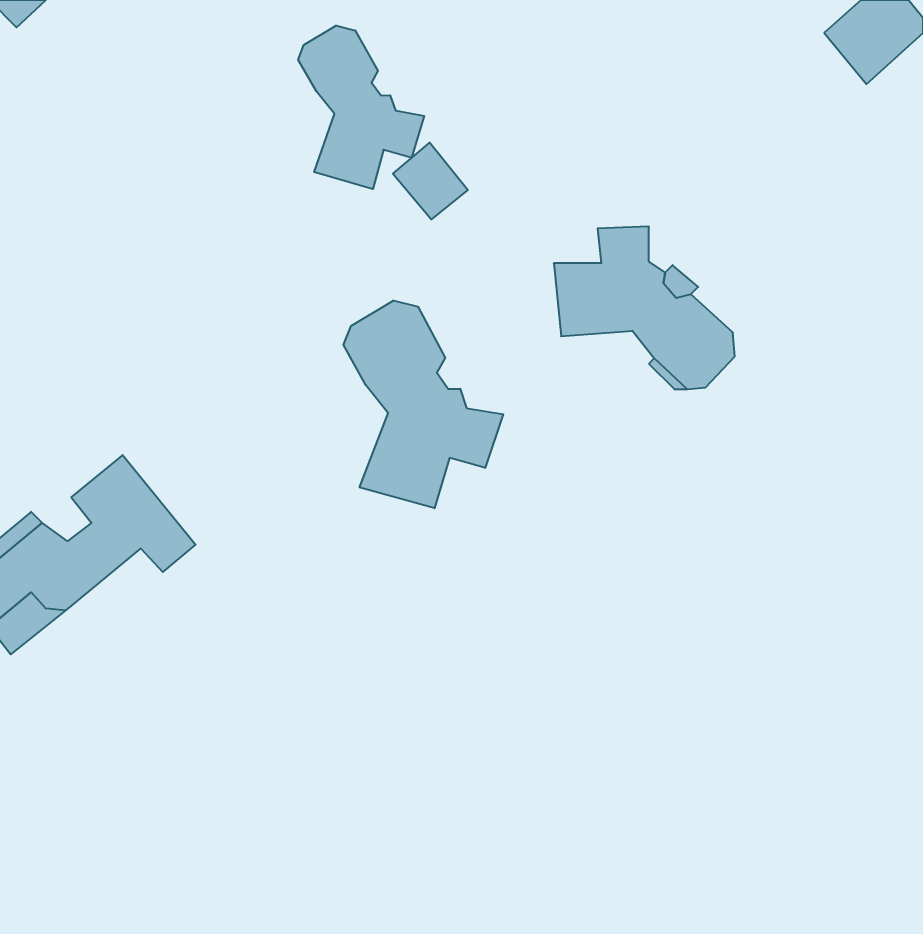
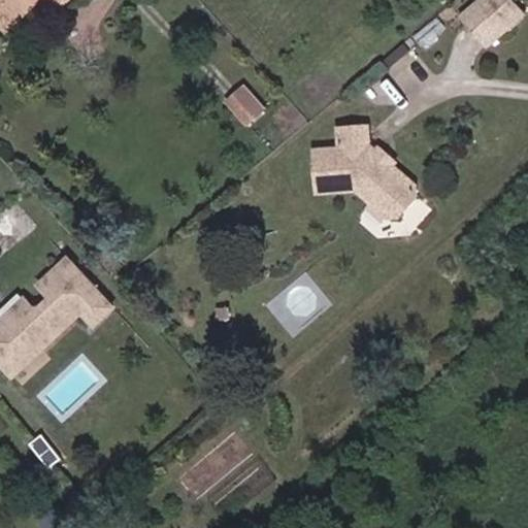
building: [298,25,424,189] -> none
building: [344,300,503,508] -> none

